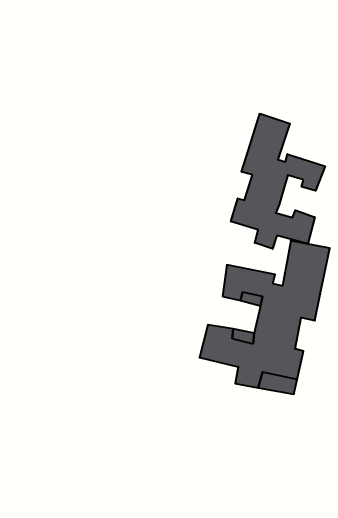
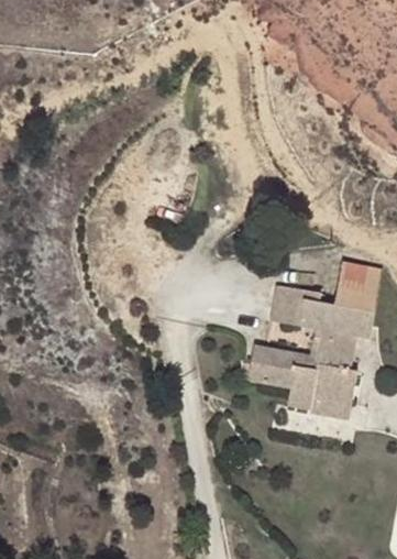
building: [231,114,325,249] -> none

